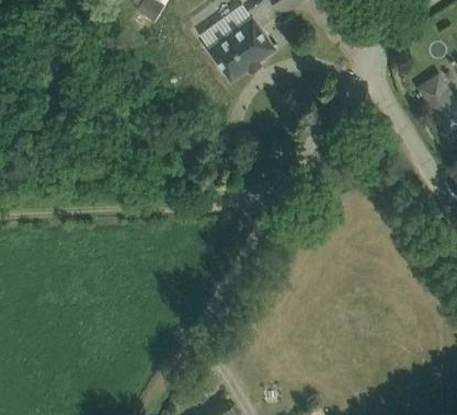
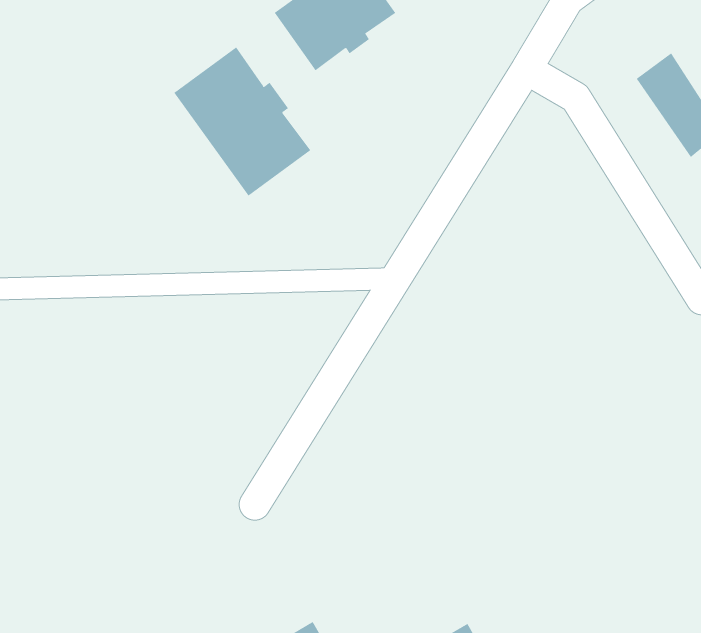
building: none -> [174,47,311,196]

